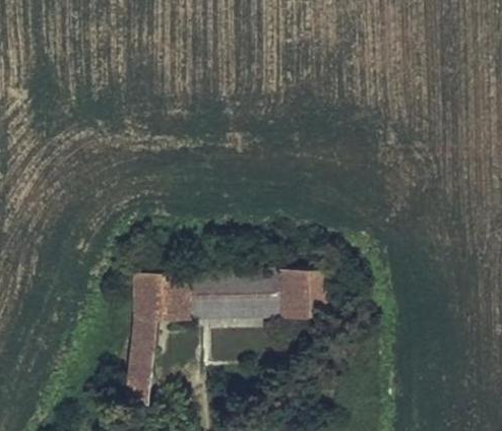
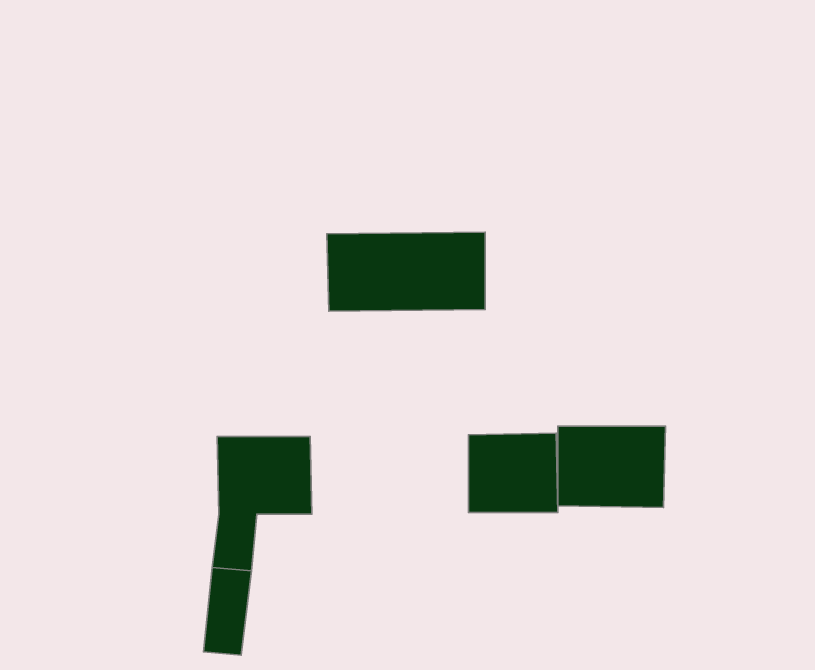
building: none -> [558,426,666,507]
building: [187,274,280,321] -> [327,232,485,311]

